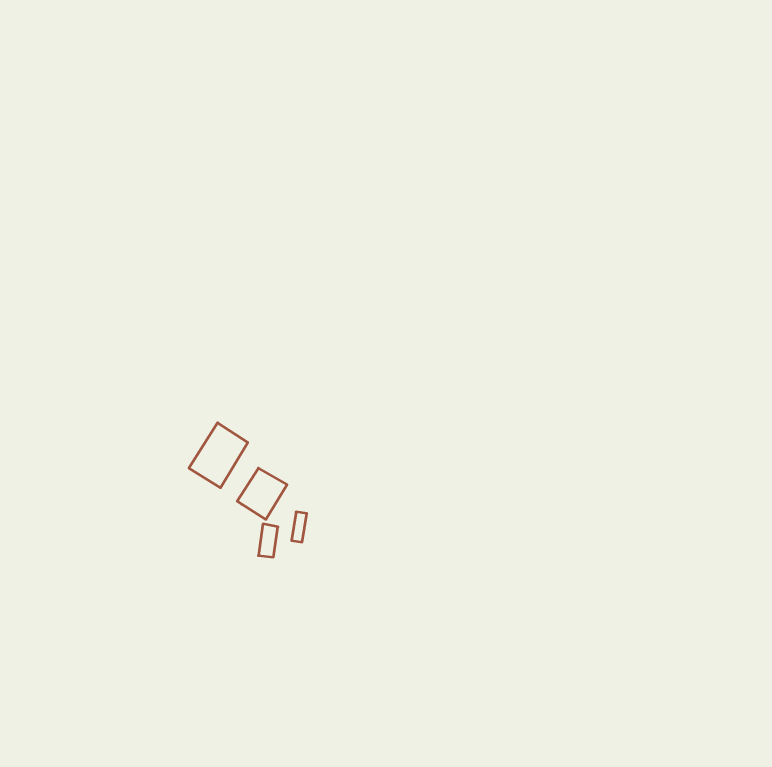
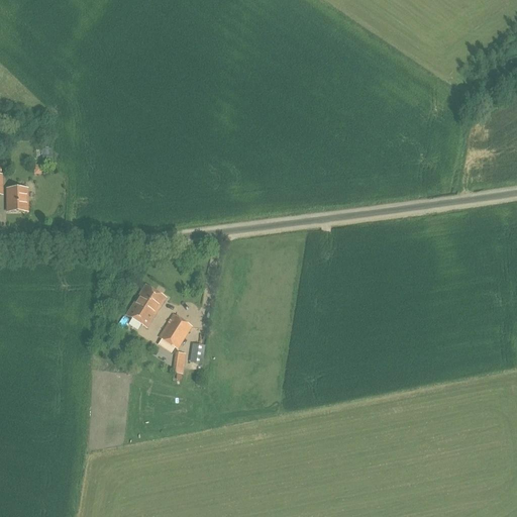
building: none -> [7,187,27,209]

